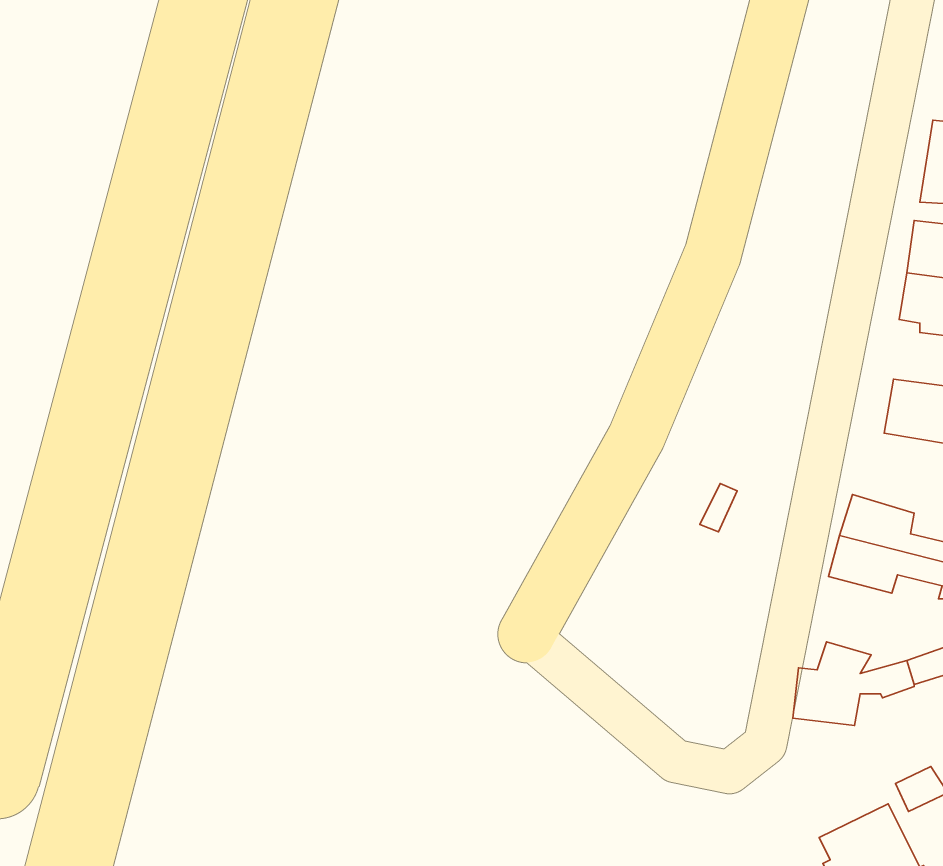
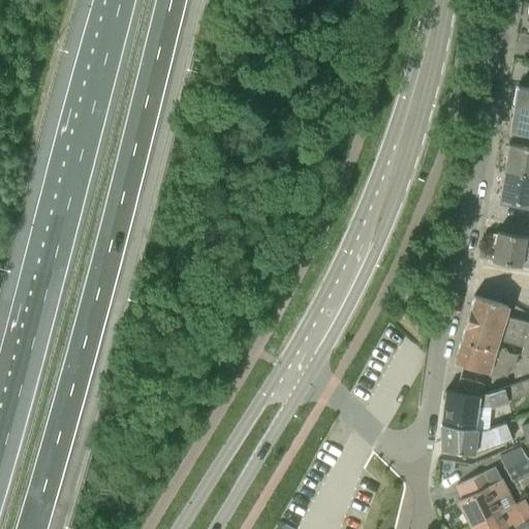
building: none -> [457,342,516,378]
building: none -> [443,424,512,455]

